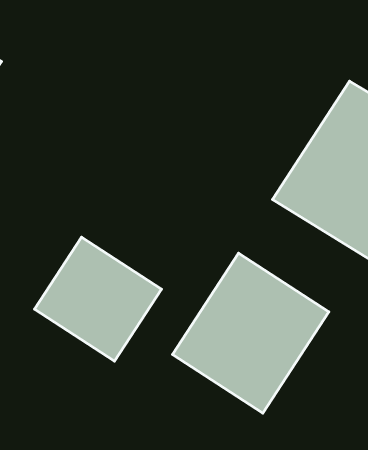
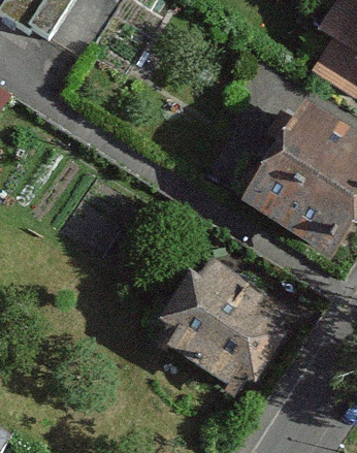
building: [35,237,161,361] -> none

